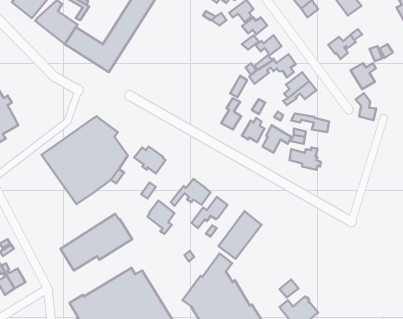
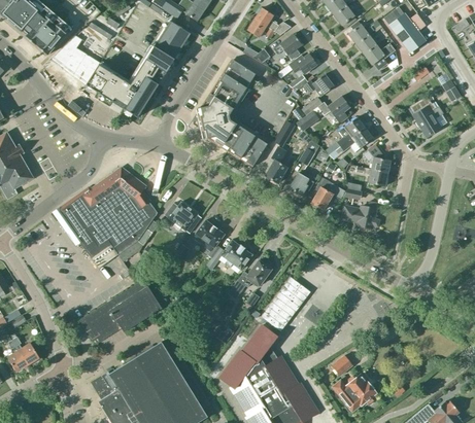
building: none -> [197,59,267,166]
building: [328,35,356,59] -> [363,42,395,70]
building: [356,93,376,120] -> [367,142,391,173]
building: [148,201,175,234] -> [193,219,224,257]

